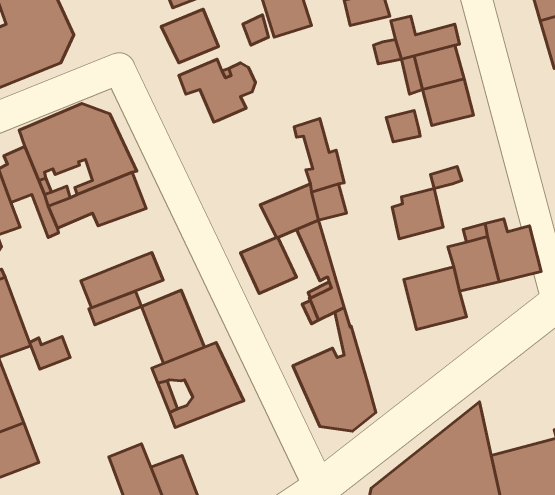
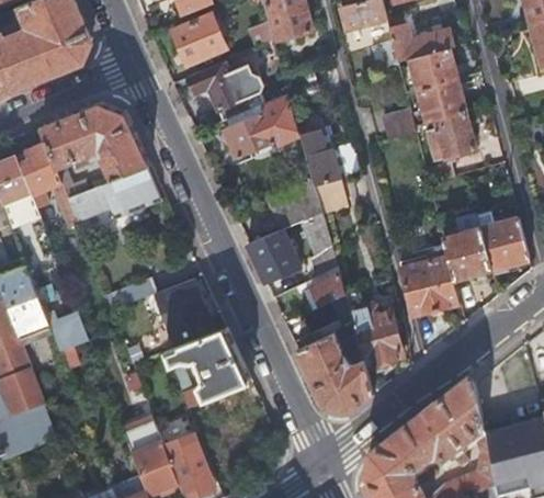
building: none -> [225,92,299,159]
building: [392,189,443,239] -> [427,114,475,161]
building: [81,253,163,308] -> none
building: none -> [351,306,401,365]

